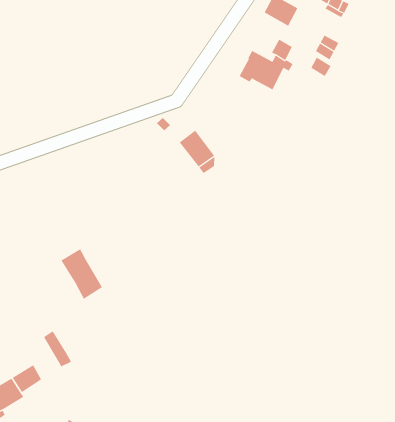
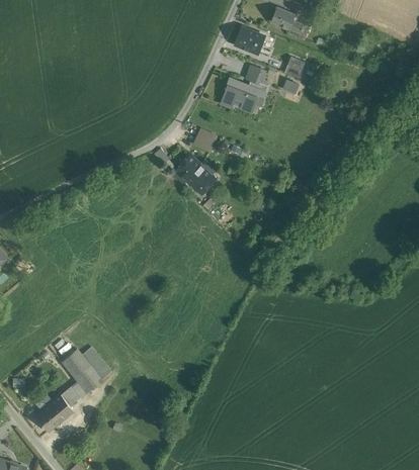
building: none -> [194,126,220,152]
building: [60,248,103,300] -> [61,349,101,393]

